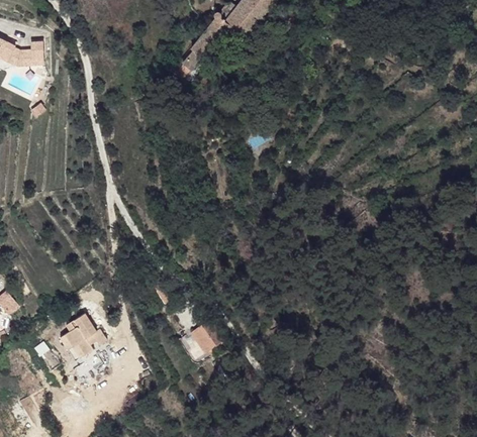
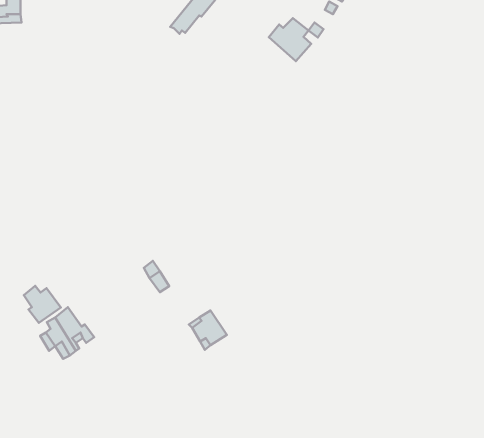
building: none -> [269,18,311,61]
building: none -> [24,286,61,323]

